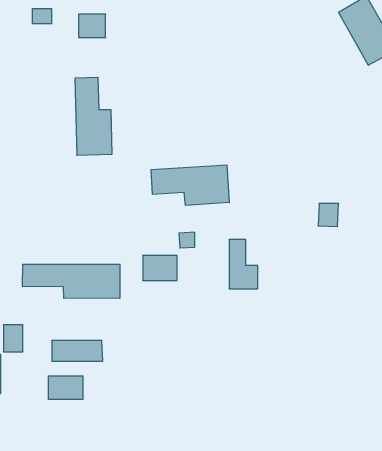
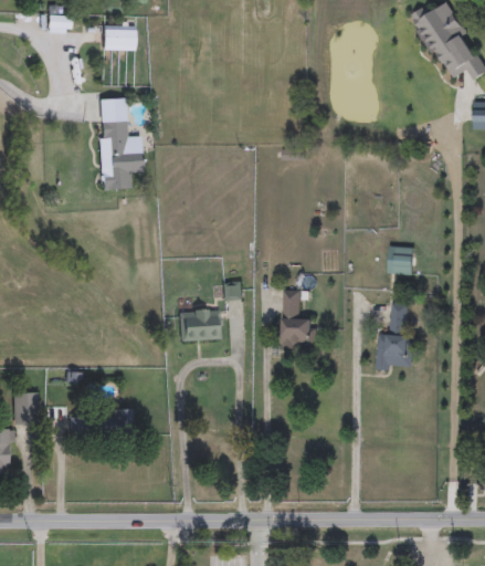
building: [151,165,229,205] -> none
building: none -> [376,303,415,371]
building: [23,264,120,298] -> none
building: [49,376,83,399] -> none

